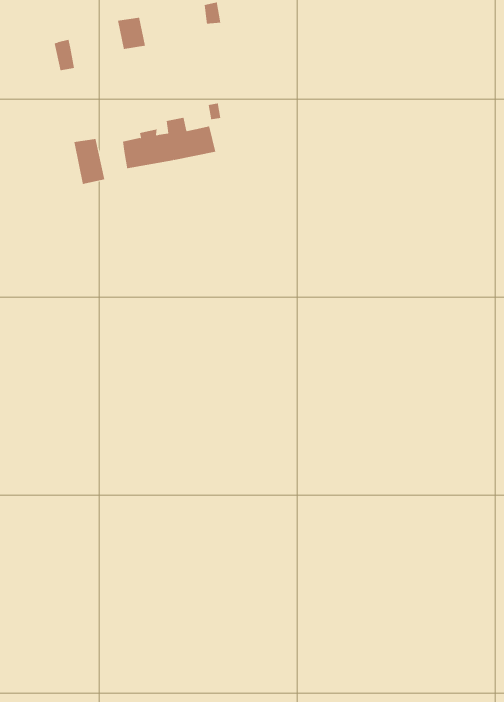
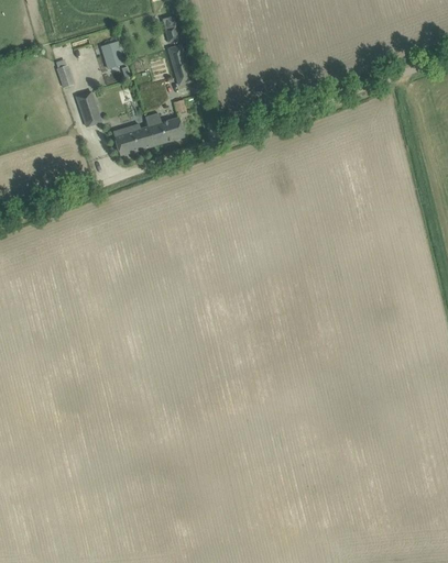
building: none -> [165,44,192,87]
building: [73,138,105,184] -> [74,91,100,126]

